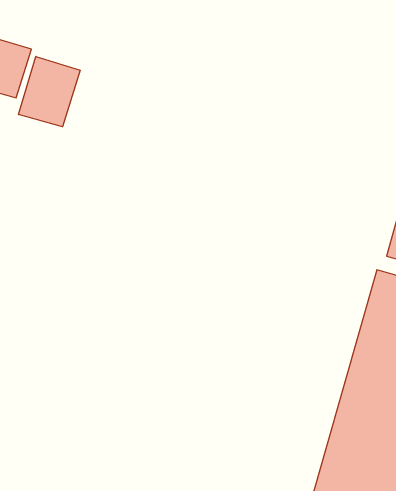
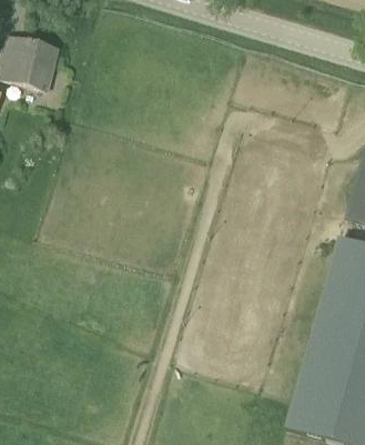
building: [19,56,80,127] -> none

